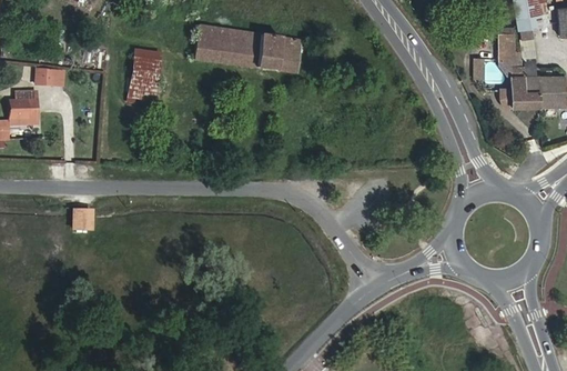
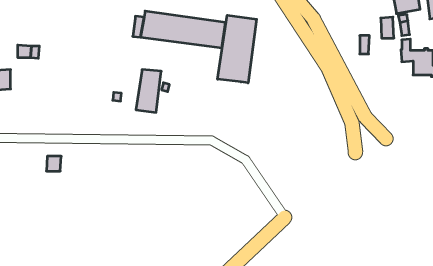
building: none -> [218,15,257,83]
building: [129,50,161,104] -> [136,70,161,112]
building: [500,73,540,106] -> none

